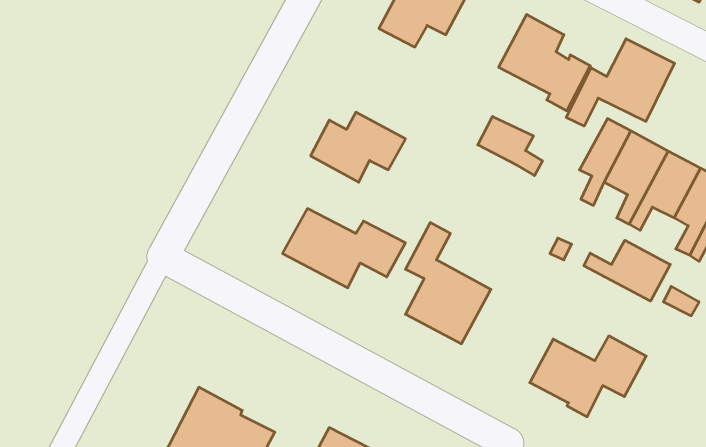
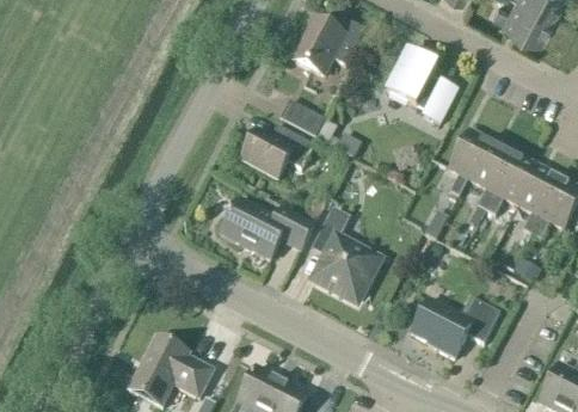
building: [566,39,675,126] -> none
building: none -> [279,103,324,139]
building: [478,116,542,176] -> none
building: [584,240,670,301] -> none

